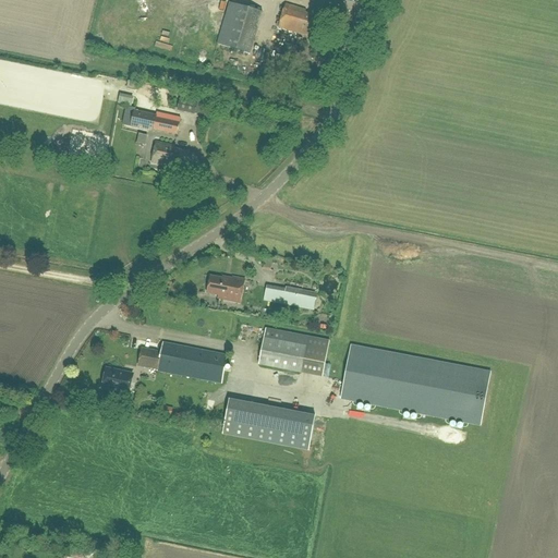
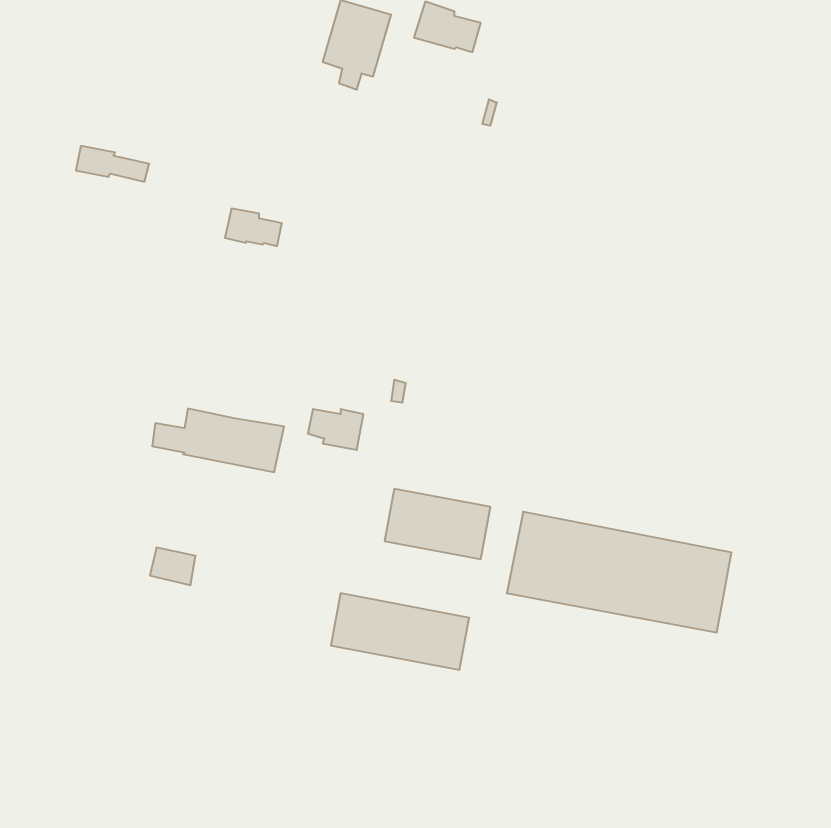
building: [130,108,179,132] -> [76,146,149,182]
building: [263,282,316,308] -> none
building: [138,338,227,380] -> [152,409,284,472]

